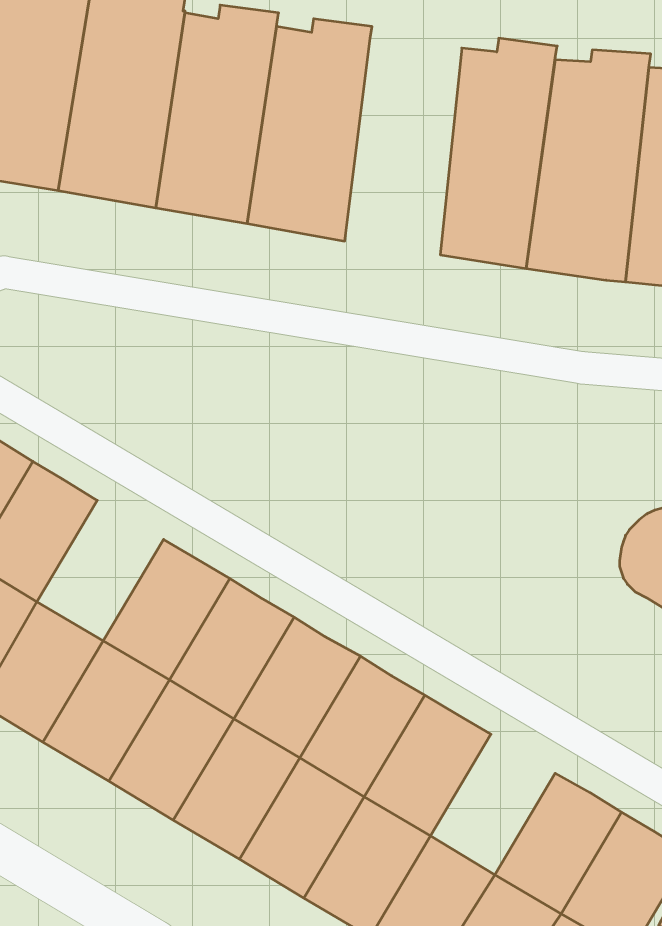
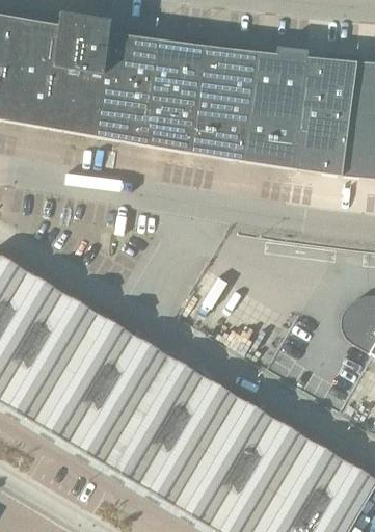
building: none -> [195,42,259,162]
building: none -> [31,293,99,368]
building: none -> [241,418,307,493]

